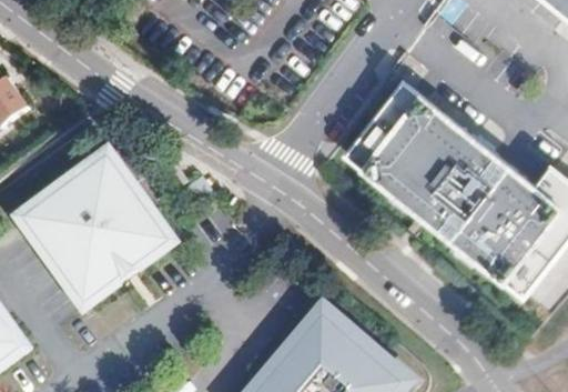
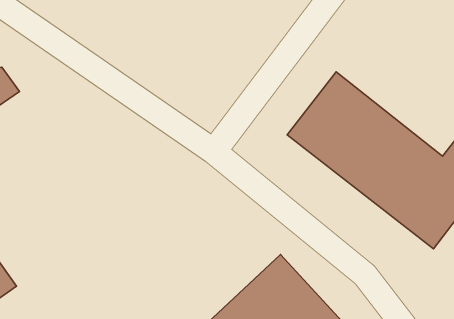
building: [16,145,173,302] -> none

